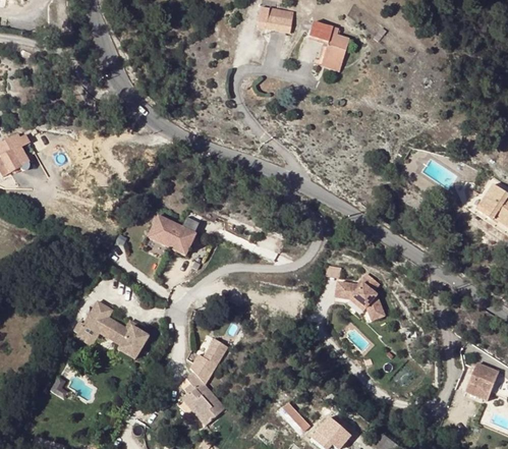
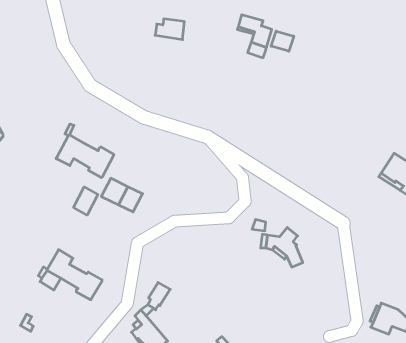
building: [258,7,292,32] -> [155,19,184,40]
building: none -> [271,31,294,51]
building: none -> [56,124,114,178]
building: none -> [74,187,98,215]

